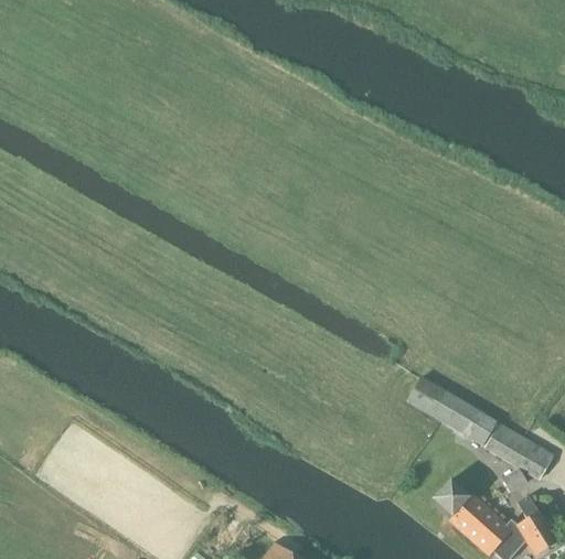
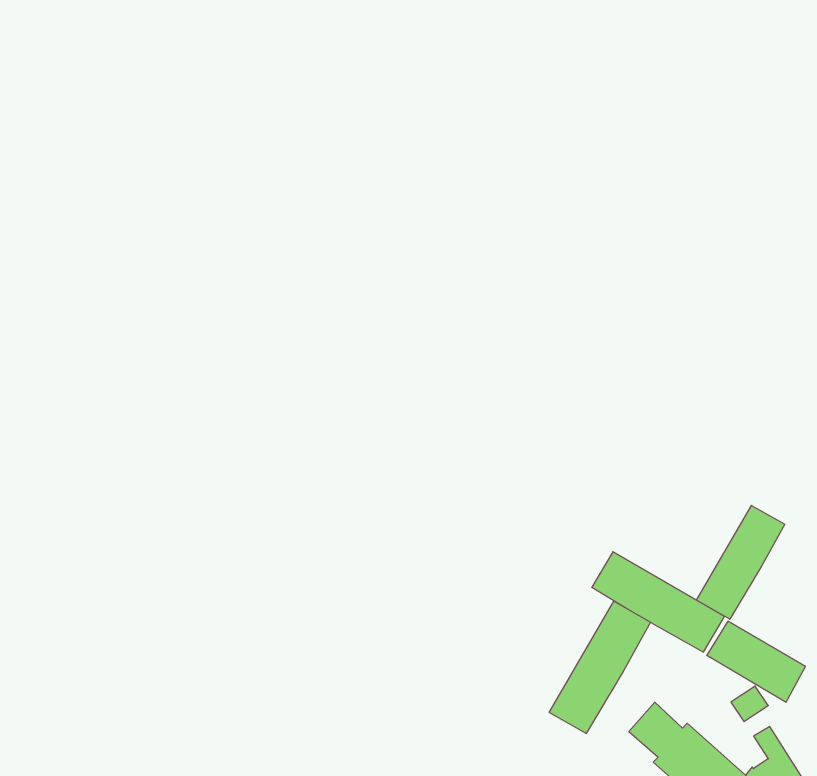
building: none -> [697,505,785,619]
building: none -> [549,601,651,734]

